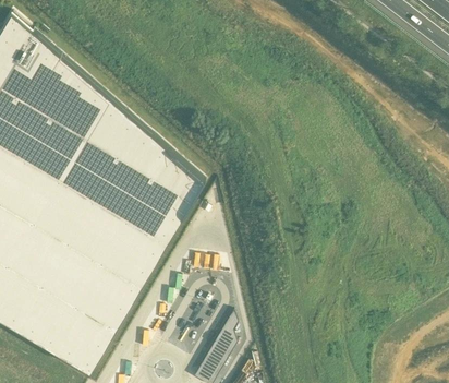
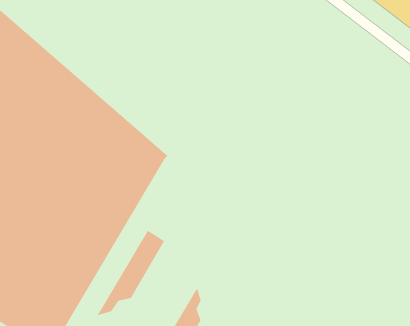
building: none -> [96,230,165,316]

